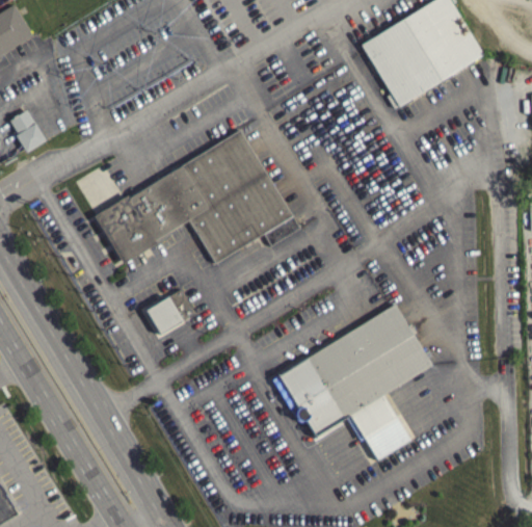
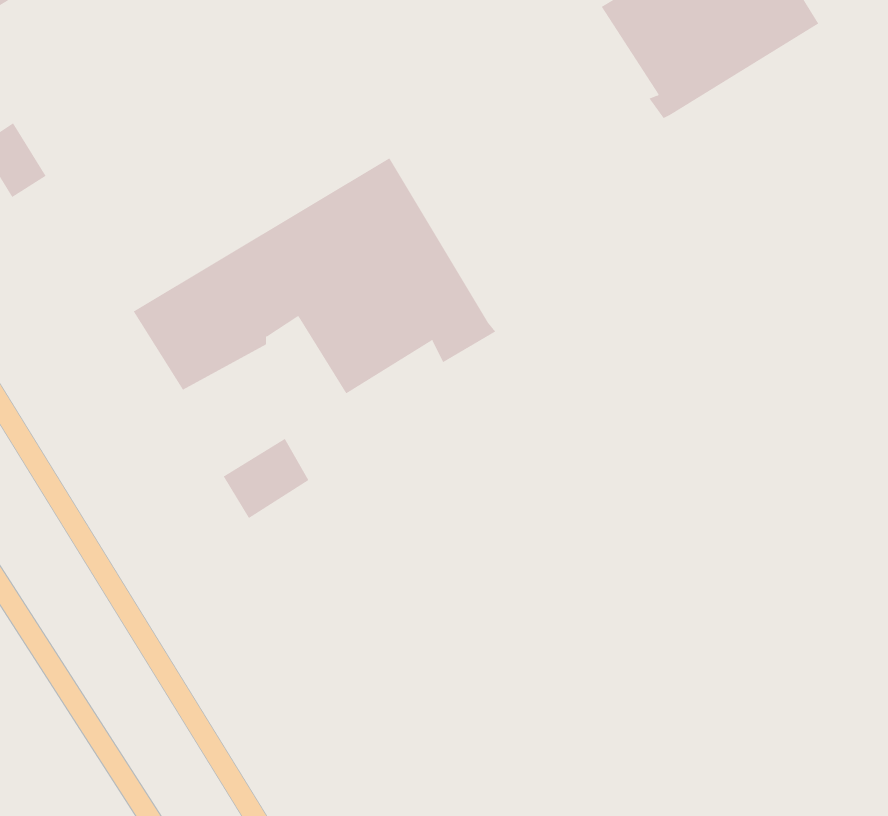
building: [271,304,431,460] -> none

